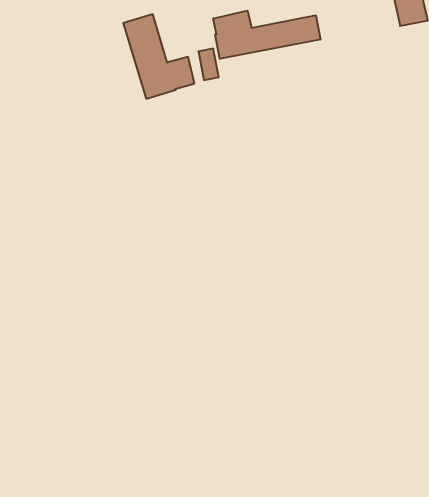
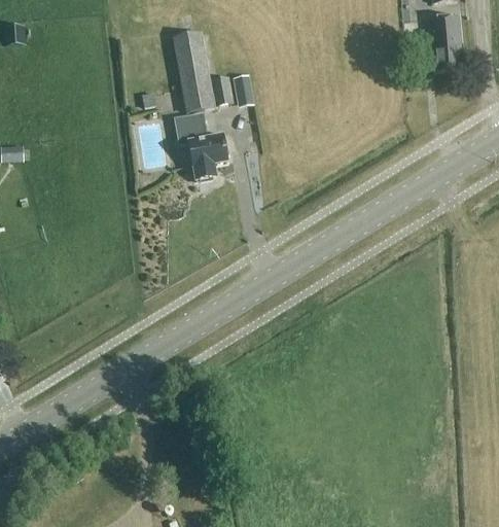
building: [213,11,320,59] -> none
building: none -> [175,114,227,178]

